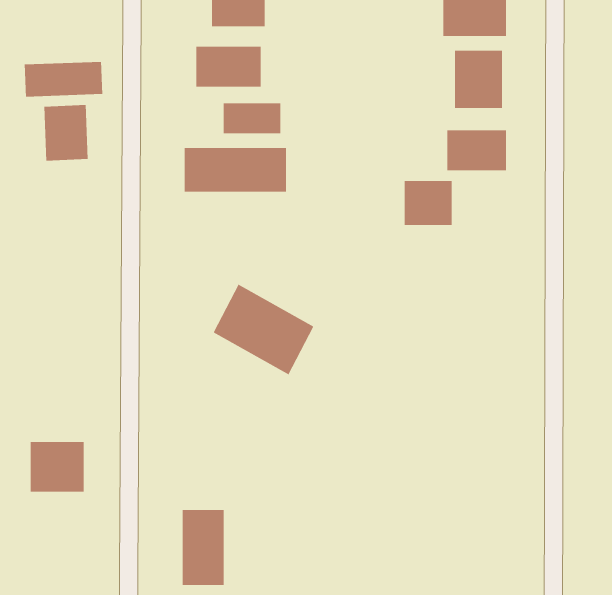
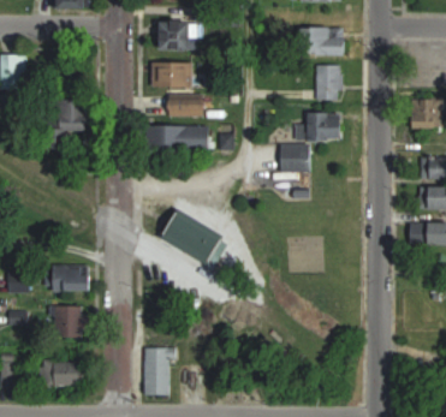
building: [24,61,103,97] -> none
building: none -> [53,267,90,291]
building: none -> [42,359,83,386]

